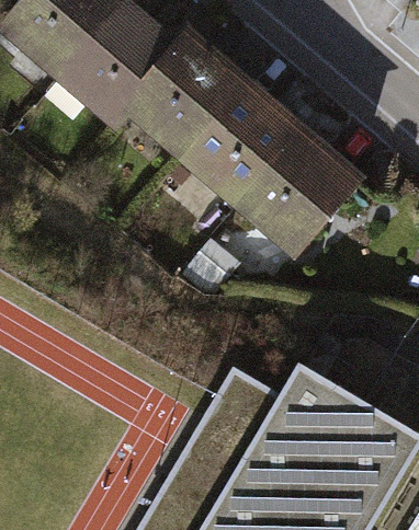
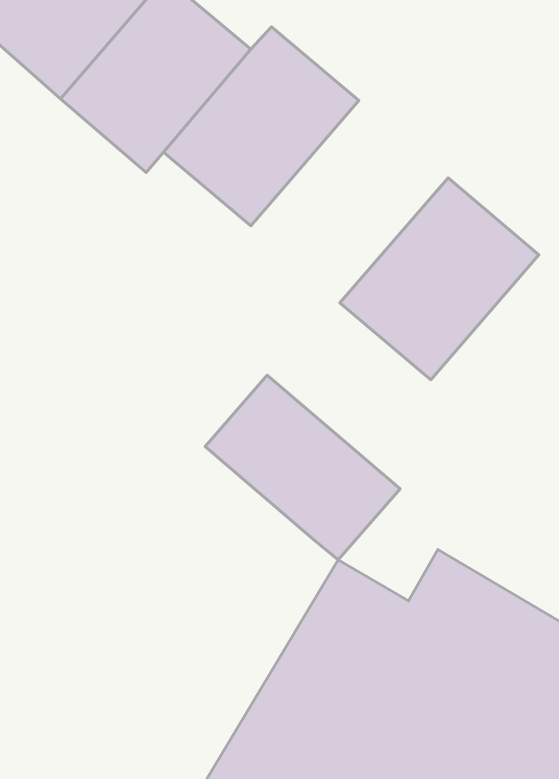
building: [179,77,305,206] -> none
building: none -> [205,375,400,560]

